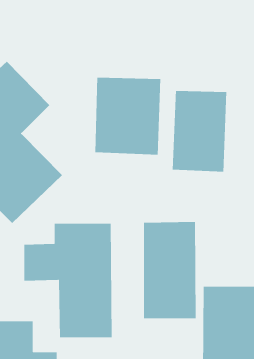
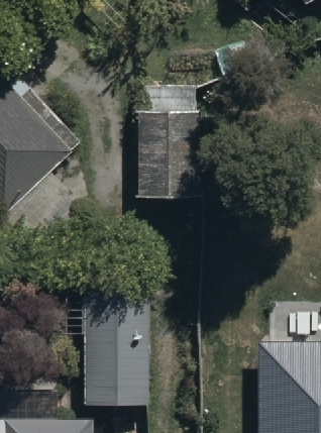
building: [172,90,227,172] -> none
building: [143,221,197,319] -> none

